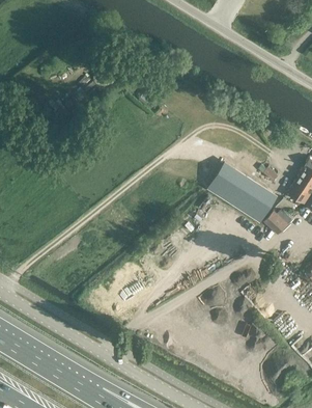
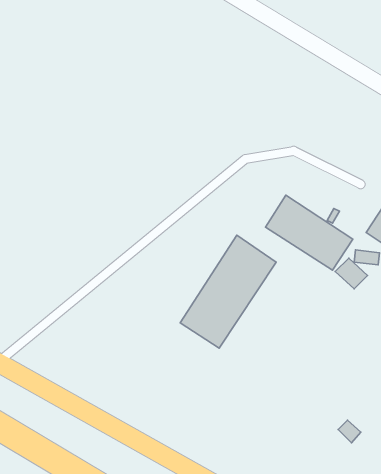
building: none -> [180,235,276,348]

